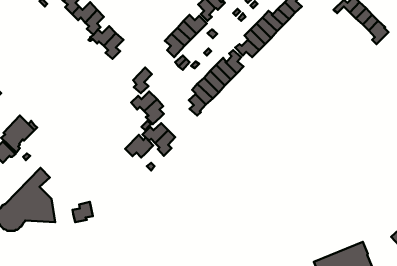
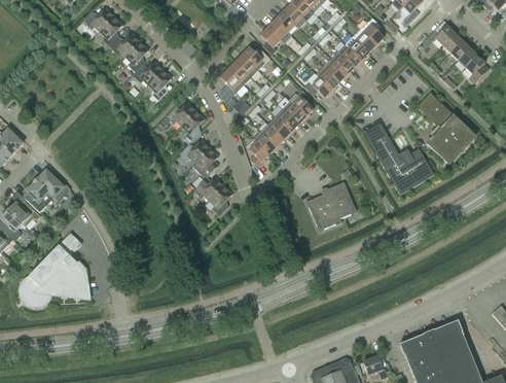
building: none -> [420,94,475,163]
building: none -> [157,102,196,129]
building: none -> [365,125,432,192]
building: none -> [306,182,357,231]
building: [125,135,153,157] -> none
building: [72,202,93,222] -> none

